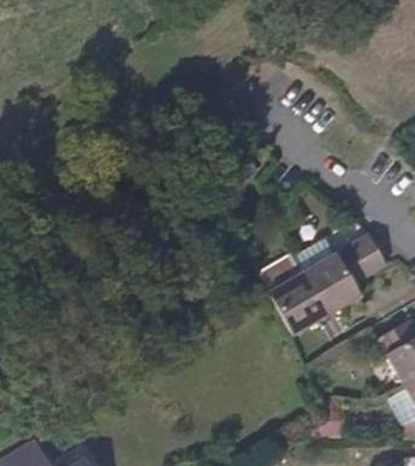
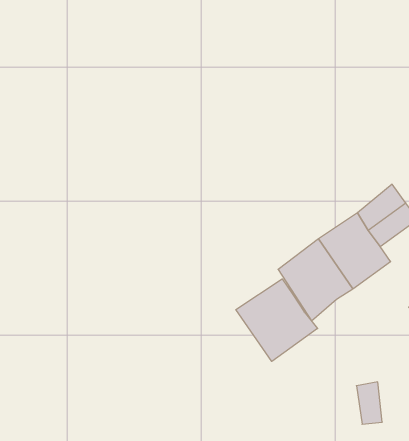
building: none -> [236,279,318,361]

